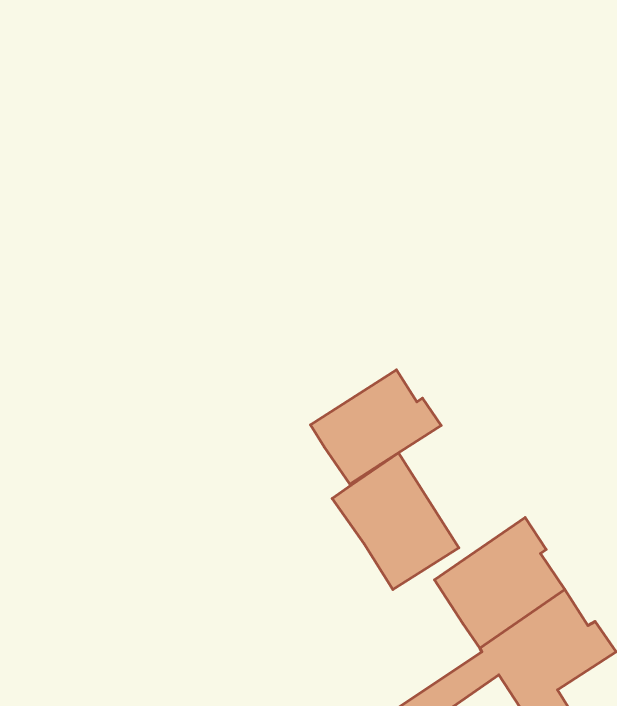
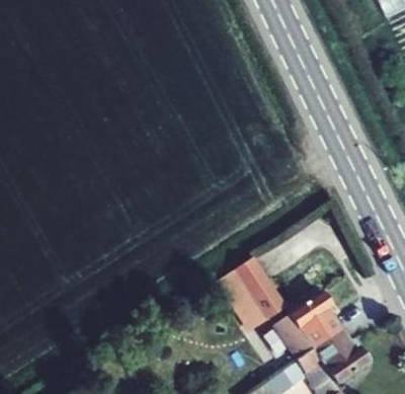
building: [310,370,441,484] -> none

